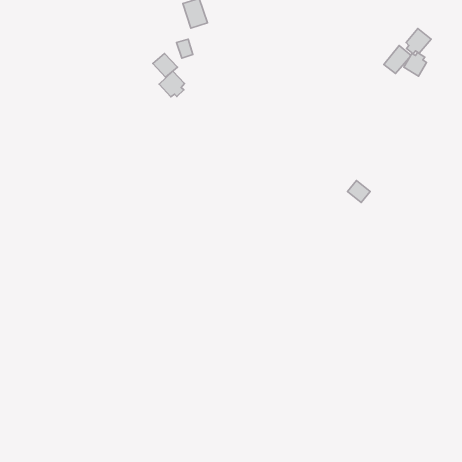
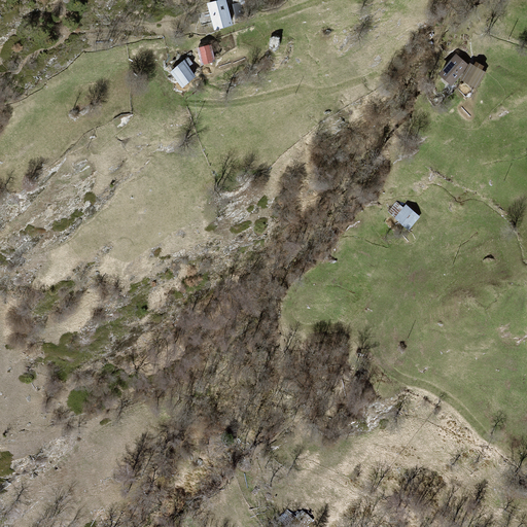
building: [406,28,431,54] -> none
building: [159,71,185,97] -> none

